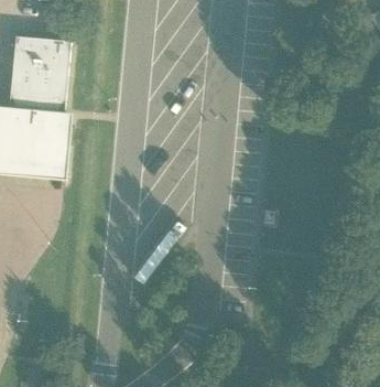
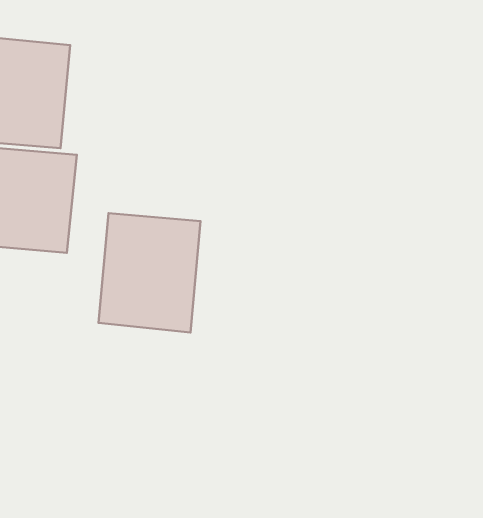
building: none -> [98,213,201,333]

